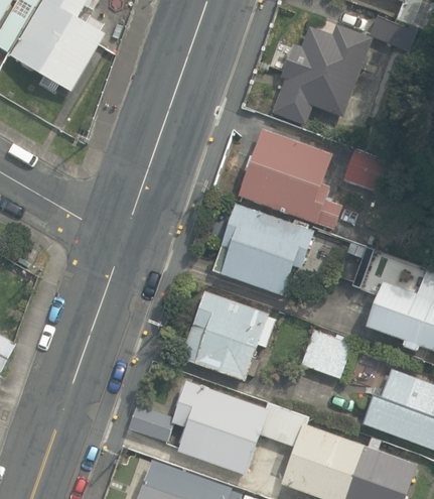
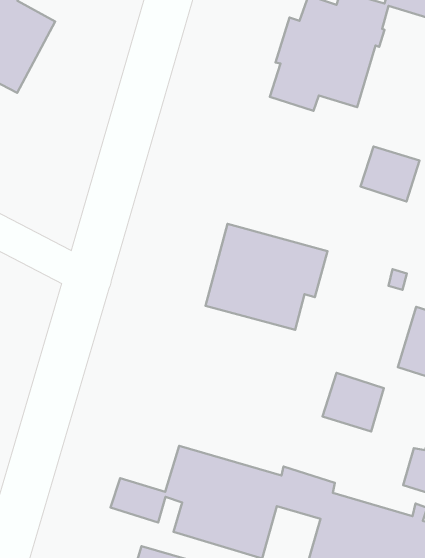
building: [239,130,341,229] -> none
building: [181,292,275,380] -> none

